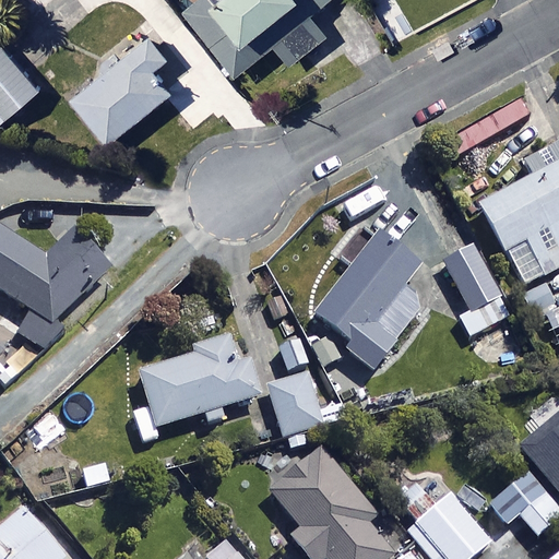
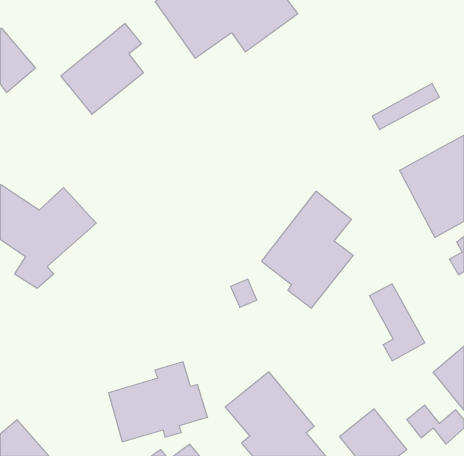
building: [443,242,510,335] -> [369,284,425,361]
building: [139,333,258,429] -> [109,362,208,442]
building: [263,371,323,435] -> none

